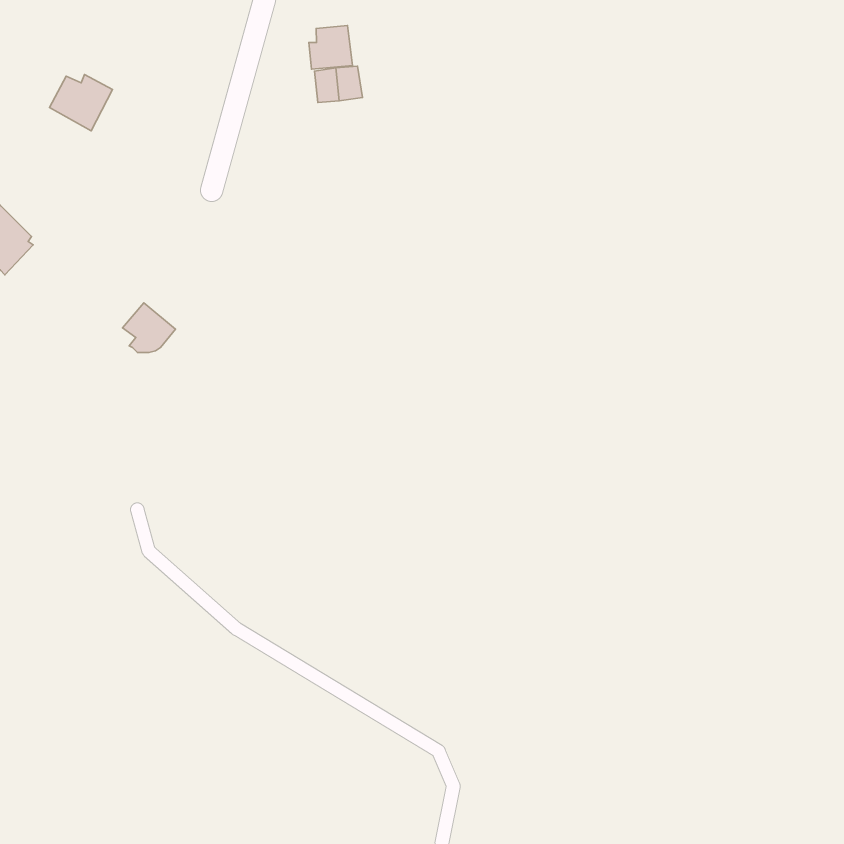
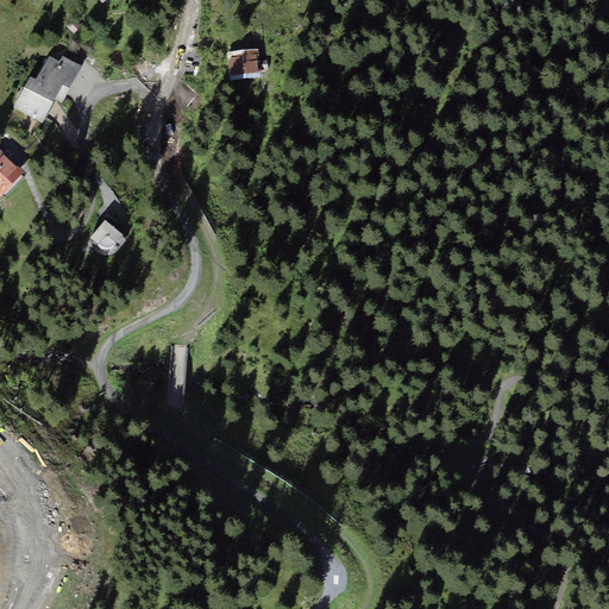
building: [309,25,353,69] -> none
building: none -> [13,75,65,120]

